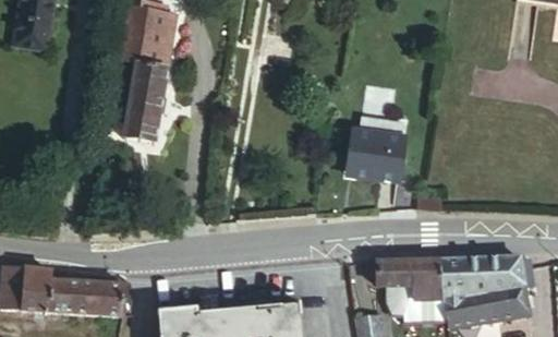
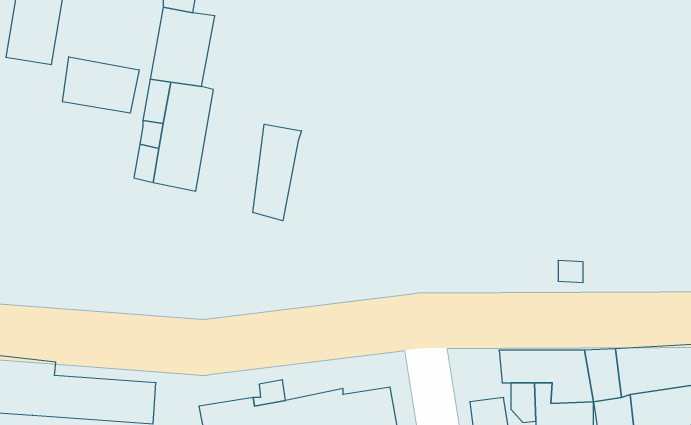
building: none -> [62,57,139,113]
building: none -> [253,124,302,221]
building: [348,132,407,183] -> none

